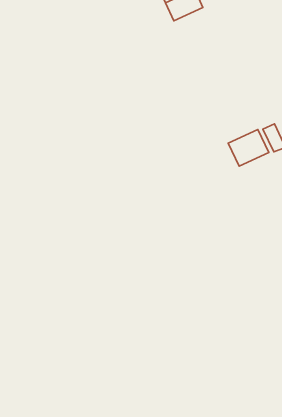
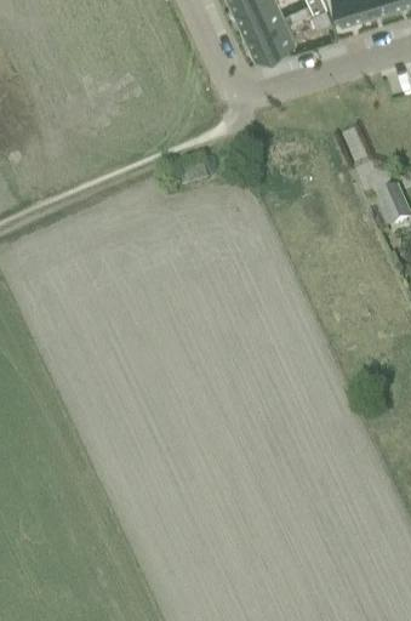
building: [228,129,269,166] -> none

